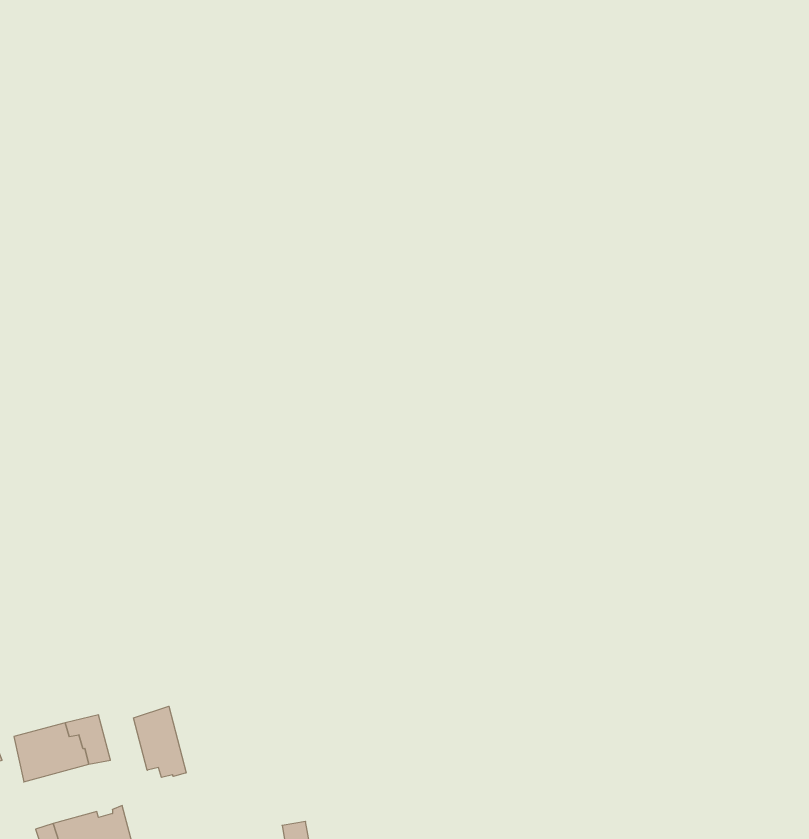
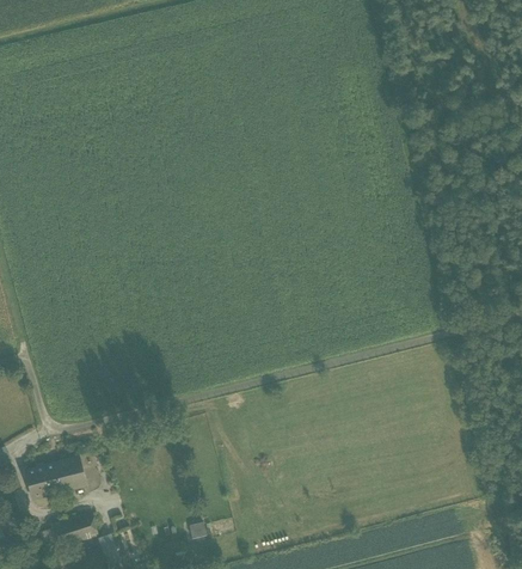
building: [134,706,186,777] -> none

